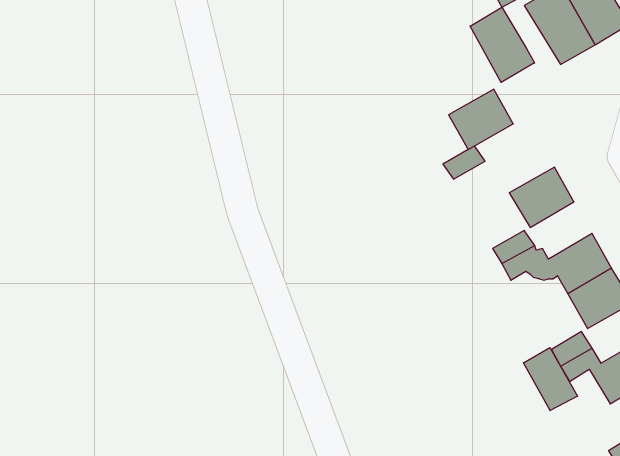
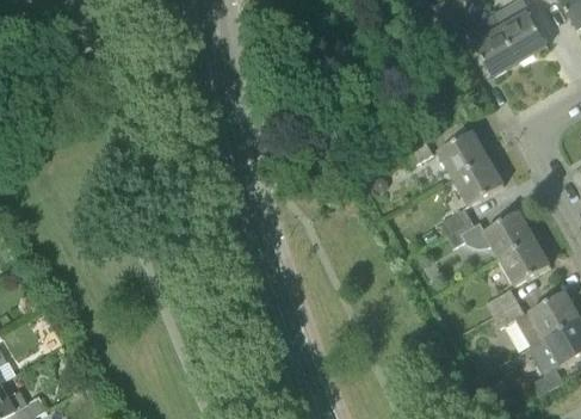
building: [470,7,535,82] -> none
building: [449,89,513,150] -> [437,130,488,178]
building: [523,348,578,411] -> none

